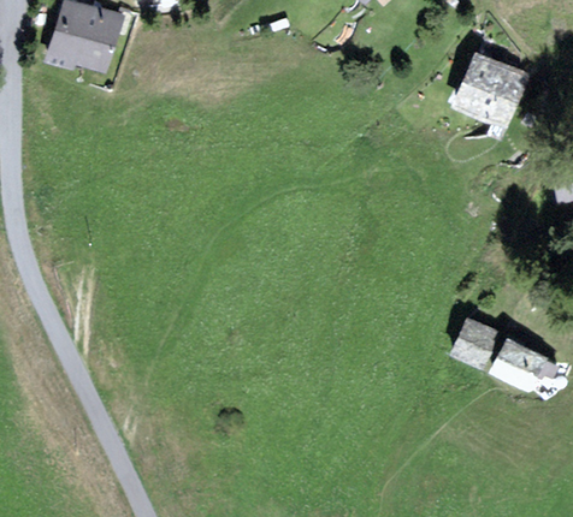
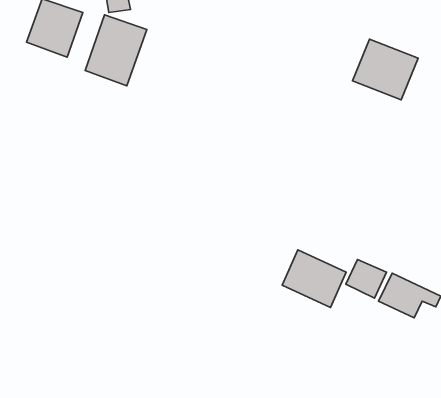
building: none -> [85,15,147,86]
building: none -> [282,250,346,308]

